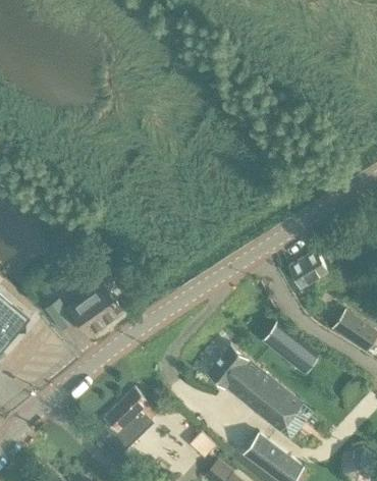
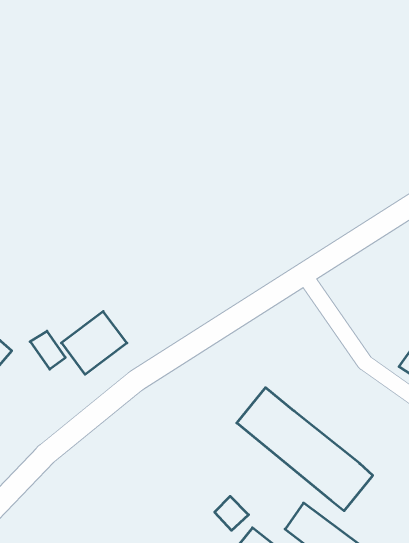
building: [288,250,332,284] -> none
building: [263,321,319,374] -> none
building: [104,389,157,456] -> none

